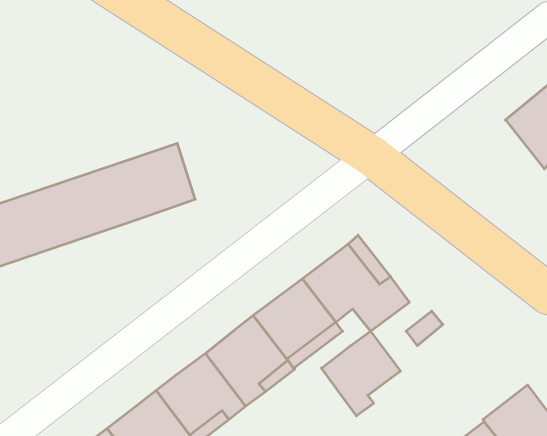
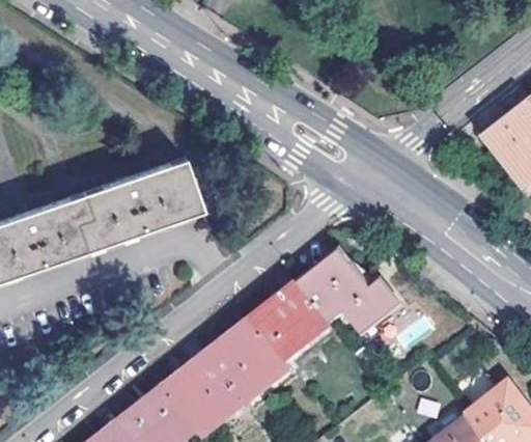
building: [321,331,400,416] -> none

